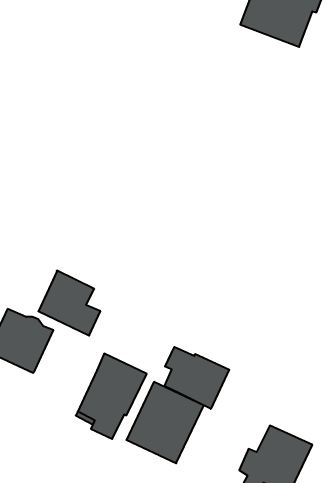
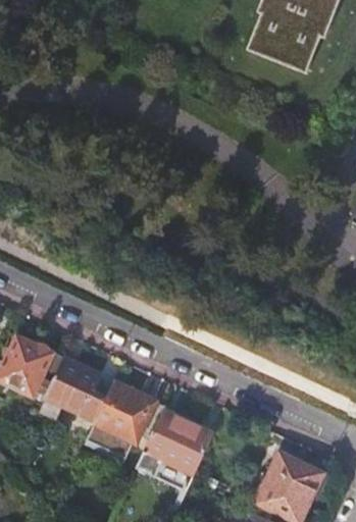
building: [38,271,100,336] -> [43,355,105,420]
building: [165,347,229,409] -> none

